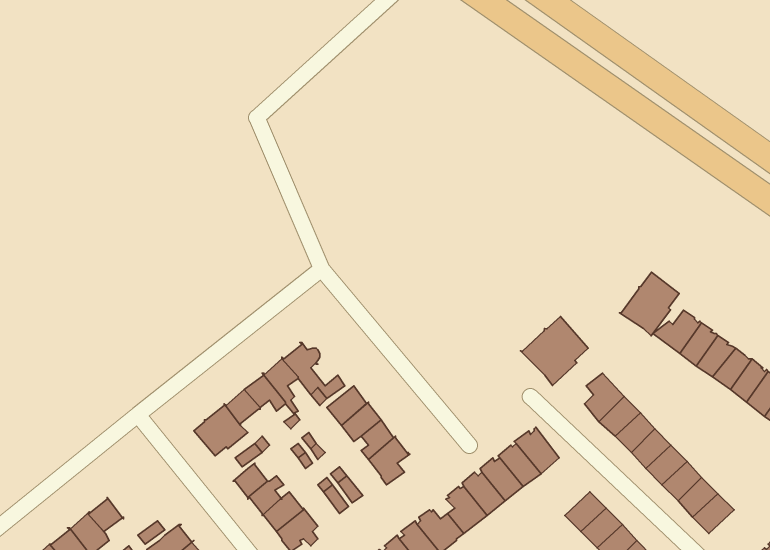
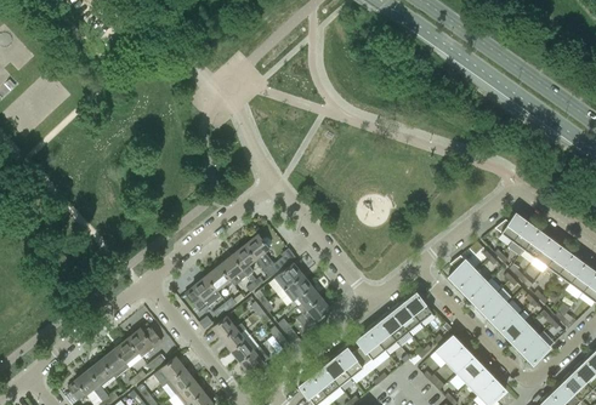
building: [620,272,679,336] -> none
building: [520,317,588,385] -> none
building: none -> [127,325,163,358]

